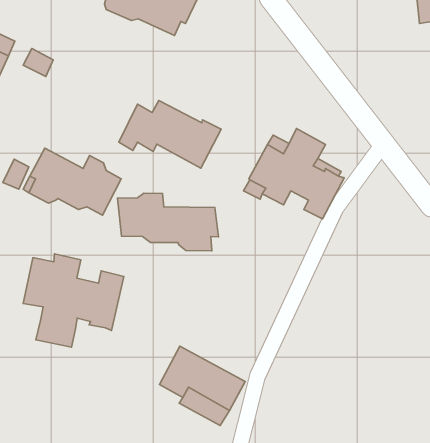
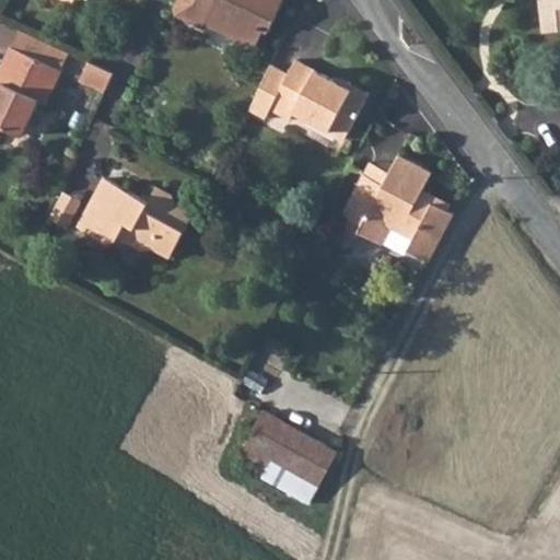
building: [119,100,221,168] -> [247,60,368,140]
building: [118,193,218,251] -> none
building: [23,254,124,347] -> none

